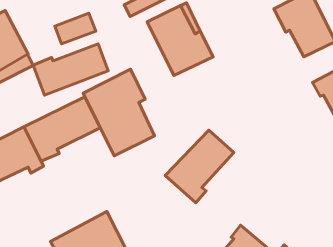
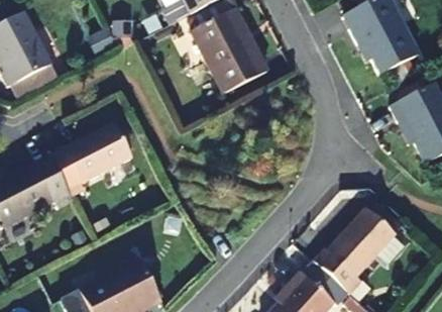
building: [33,44,108,95] -> none
building: [83,69,155,156] -> none
building: [165,130,234,203] -> [315,207,396,293]

